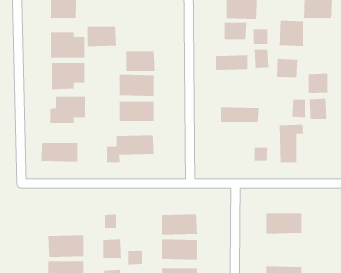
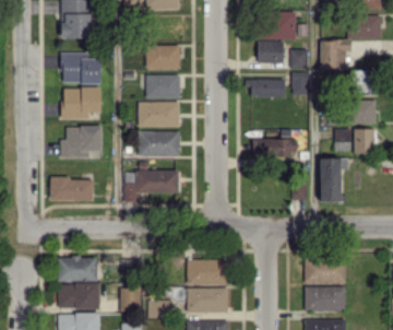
building: [87,26,117,47] -> [146,45,180,69]
building: [276,58,298,78] -> [350,70,376,93]
building: none -> [58,257,97,282]
building: none -> [305,286,346,310]

